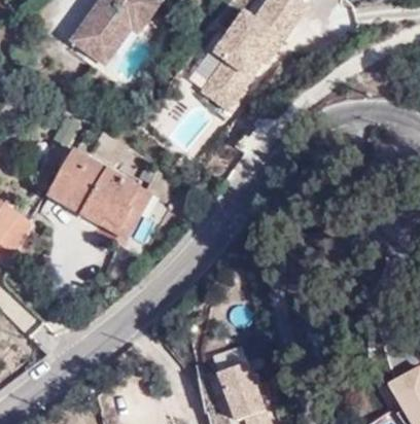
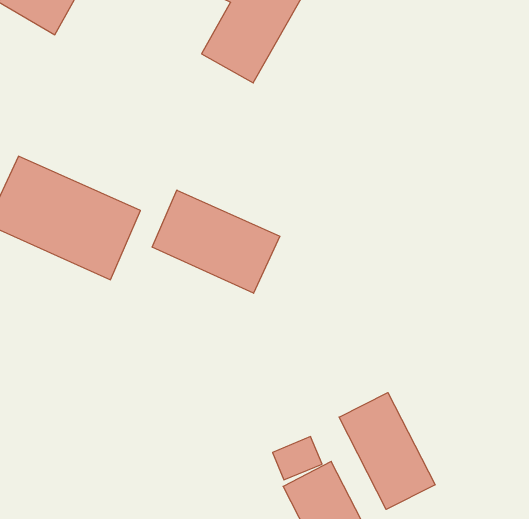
building: none -> [152,190,280,293]
building: none -> [339,393,435,509]

